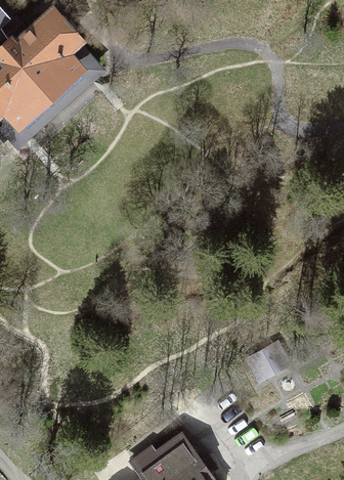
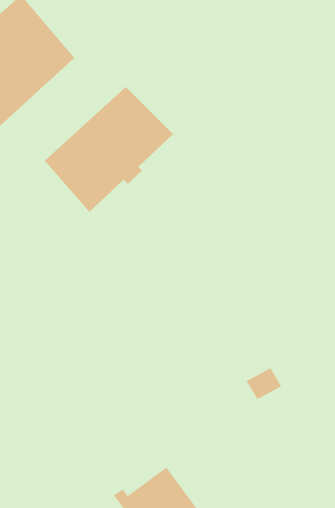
building: none -> [44,86,174,213]

